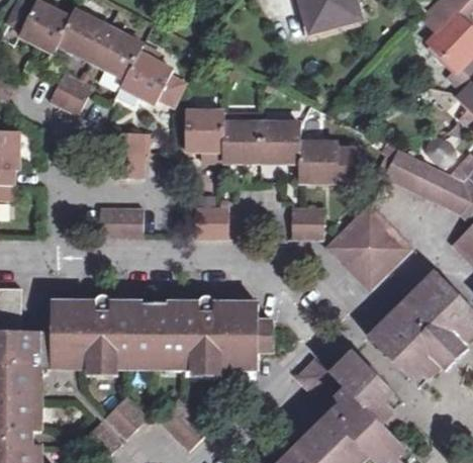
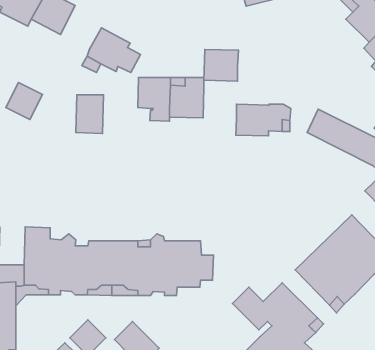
building: [93,27,146,79] -> none
building: [51,72,94,115] -> [6,83,43,119]
building: [261,123,301,161] -> [204,49,238,81]
building: [326,205,412,291] -> none
building: [195,206,228,239] -> none
building: [290,207,322,240] -> none
building: [99,208,143,238] -> none

